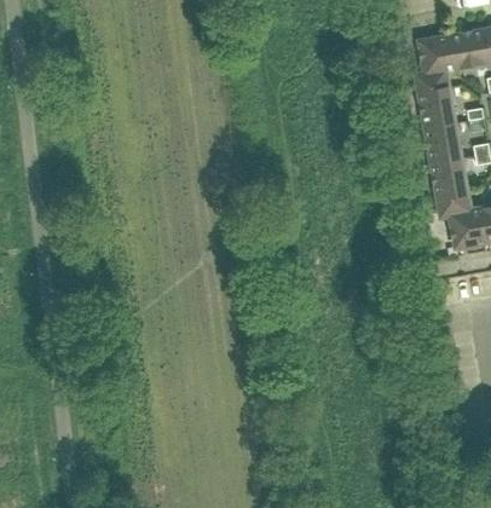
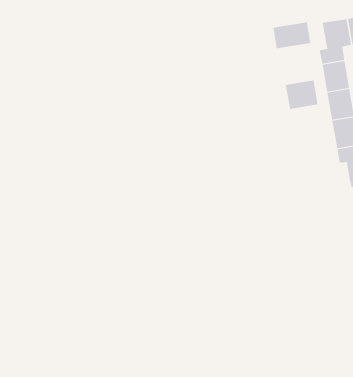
building: none -> [273,21,311,49]
building: none -> [285,79,318,110]

